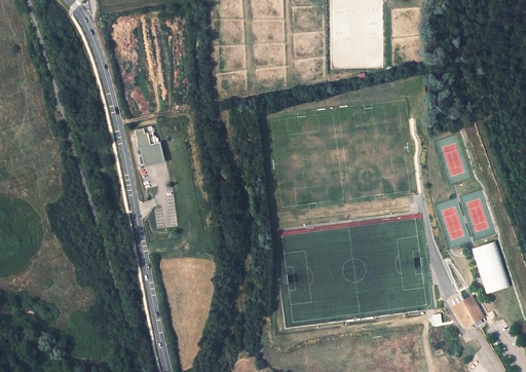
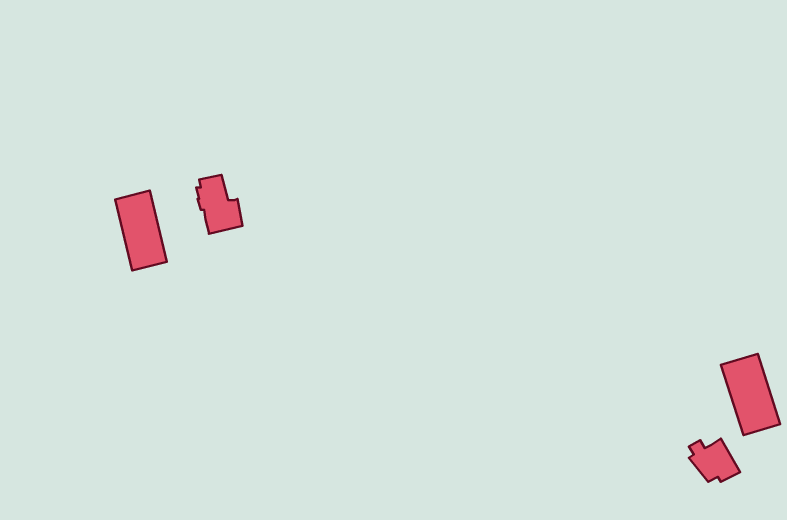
building: none -> [115,191,167,270]

